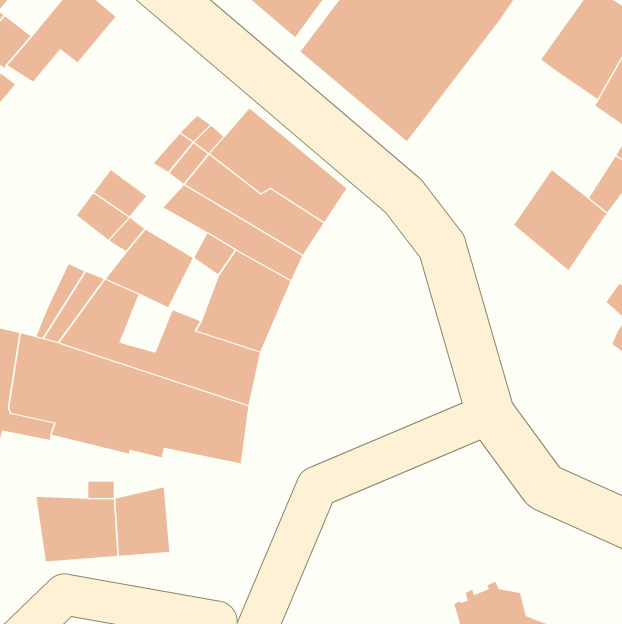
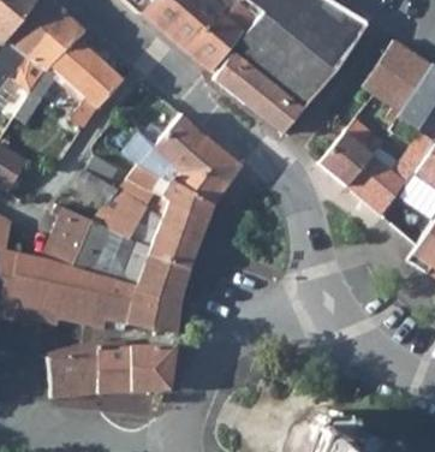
building: none -> [70,56,121,125]
building: none -> [316,114,380,186]
building: none -> [129,347,174,391]

